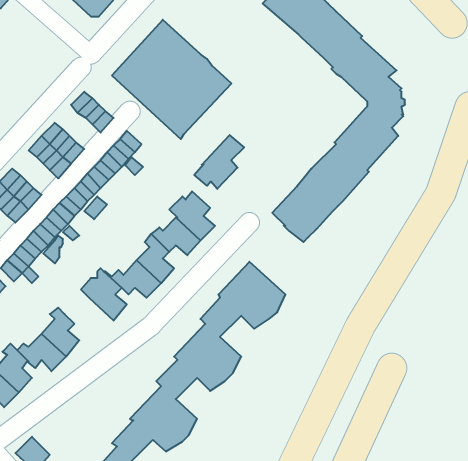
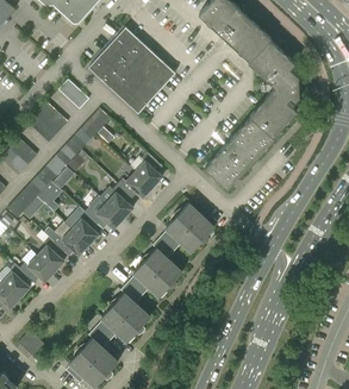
building: [194,135,244,189] -> none
building: none -> [45,222,91,257]

